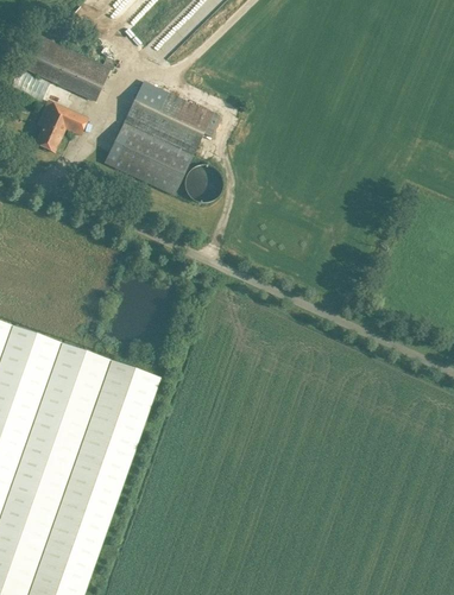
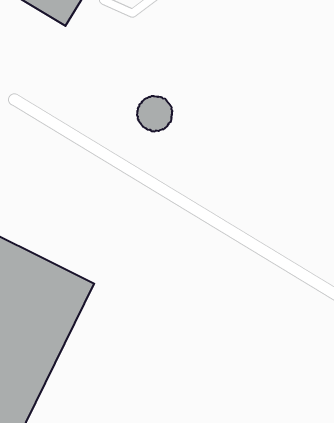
building: [105,81,221,196] -> none
building: [34,101,88,152] -> none

